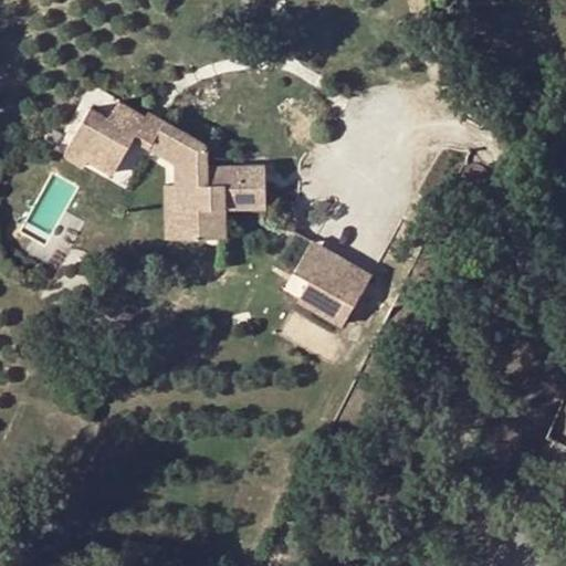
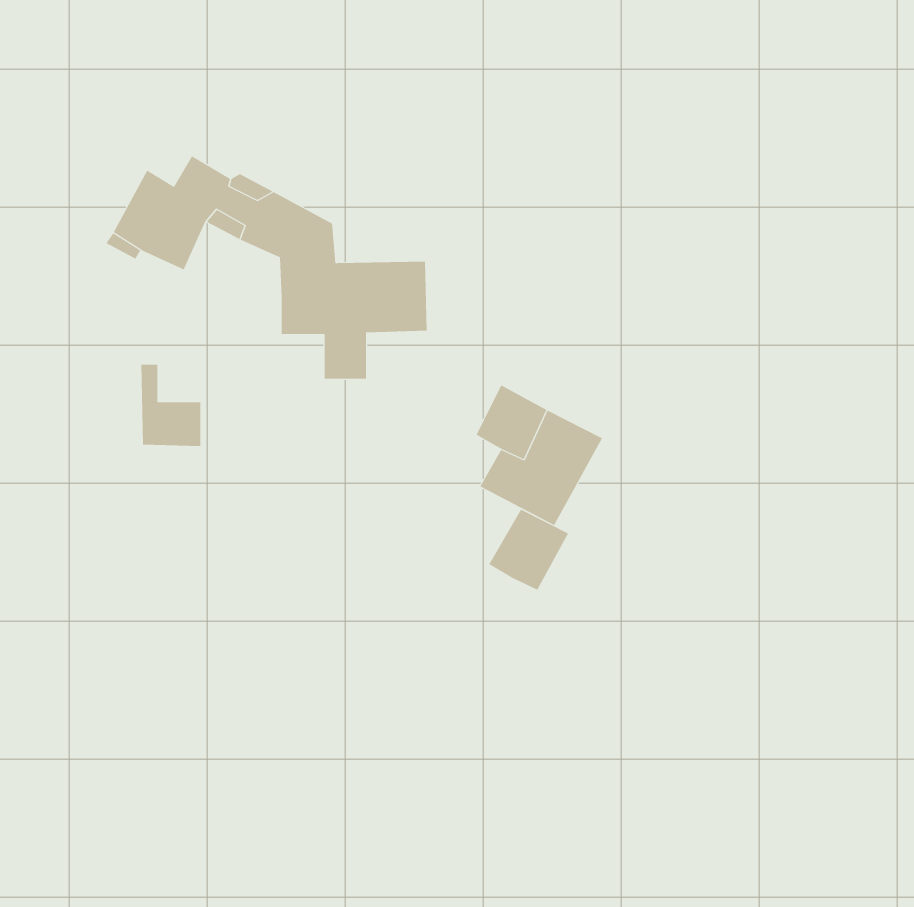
building: [163,188,200,239] -> [140,364,201,447]
building: none -> [488,509,569,590]

